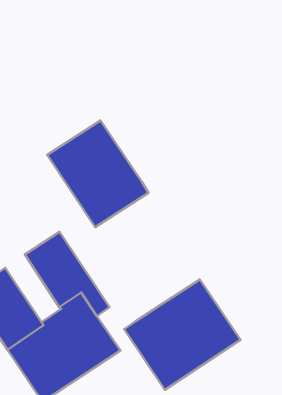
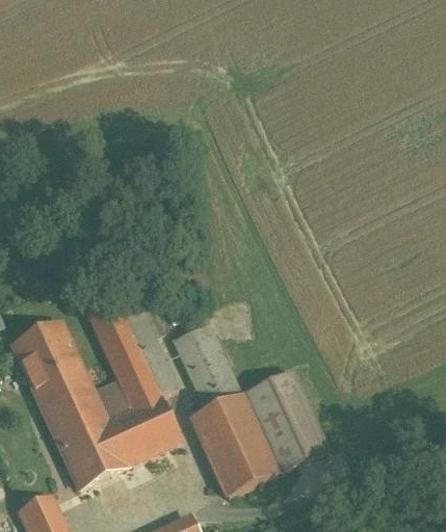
building: [47,120,148,227] -> none
building: none -> [173,324,239,410]

